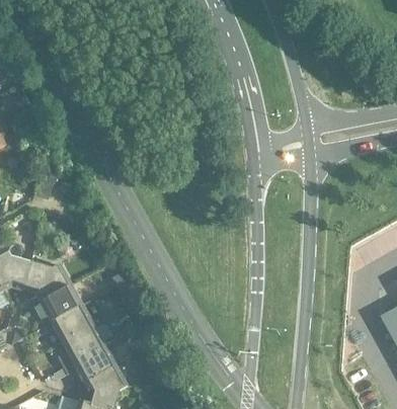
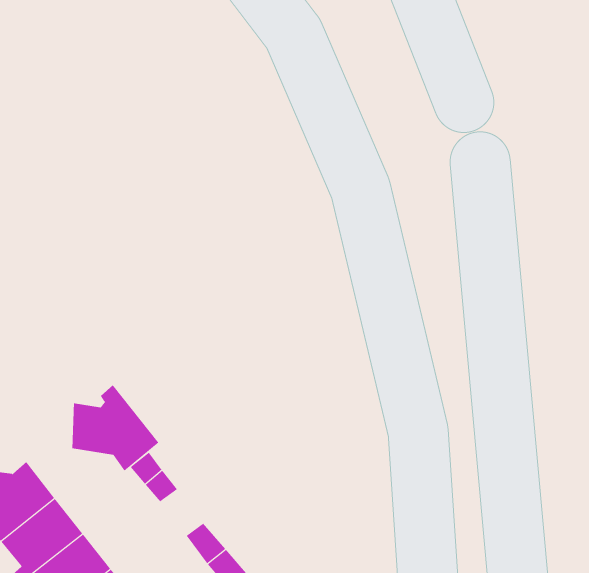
building: none -> [72,385,159,472]

